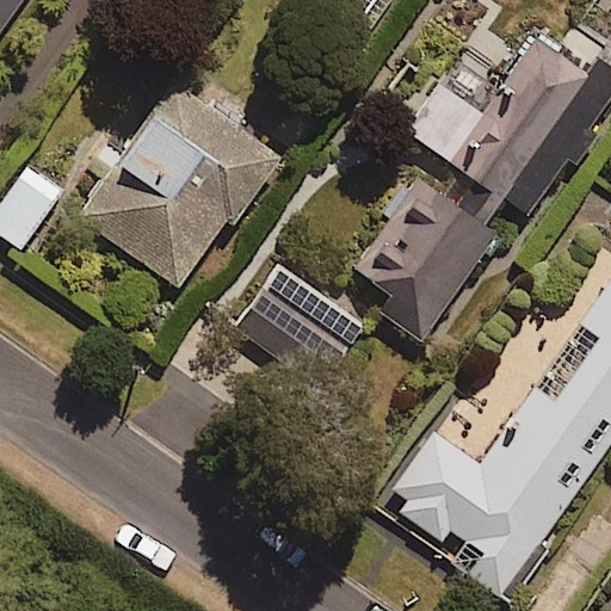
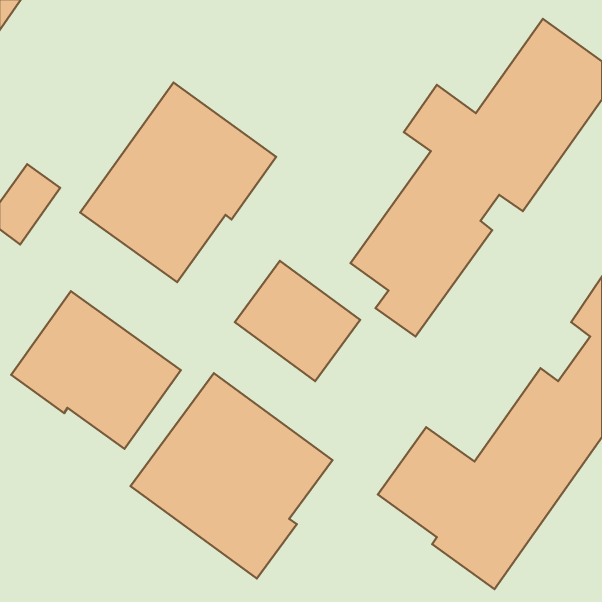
building: none -> [11,291,181,449]
building: none -> [131,373,332,579]

